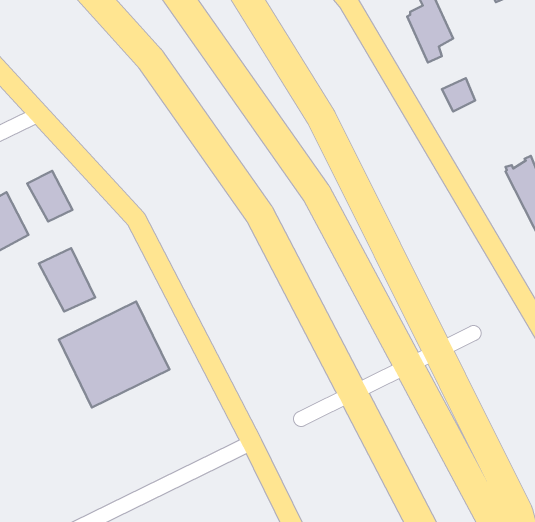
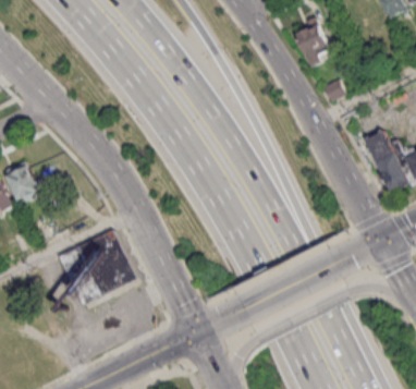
building: [27,171,72,222] -> none
building: [39,248,95,311] -> none

